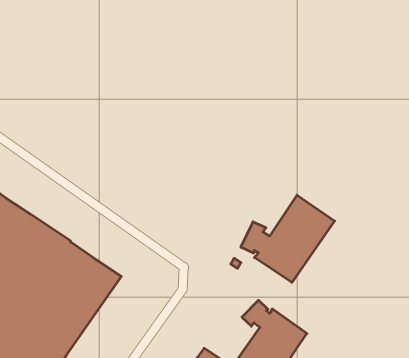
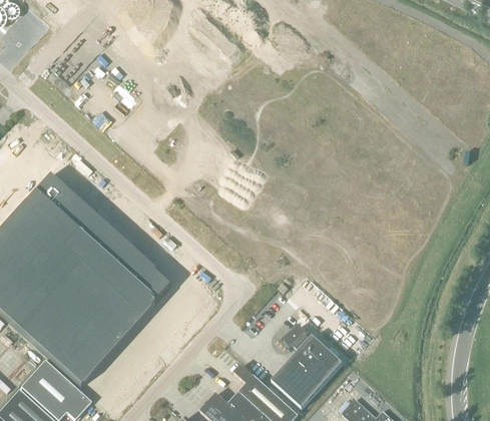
building: [241,195,335,282] -> none

